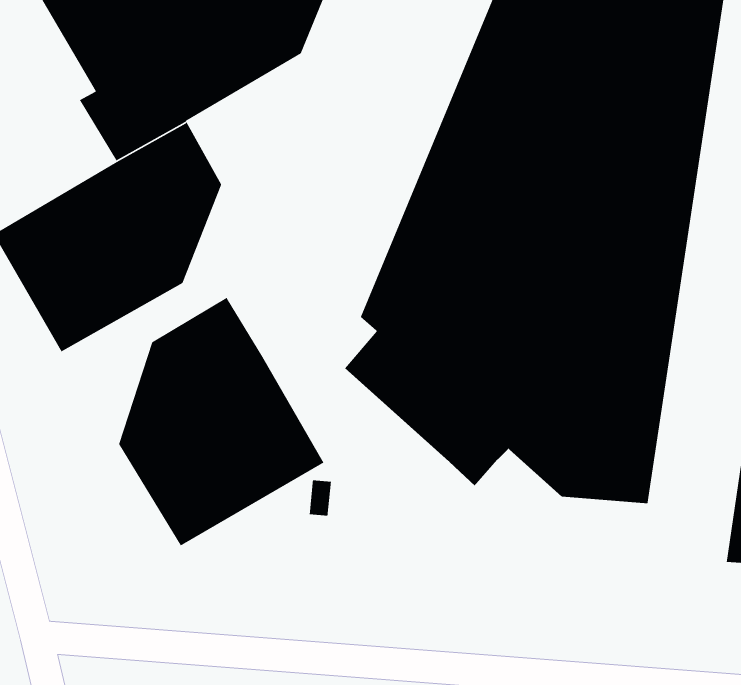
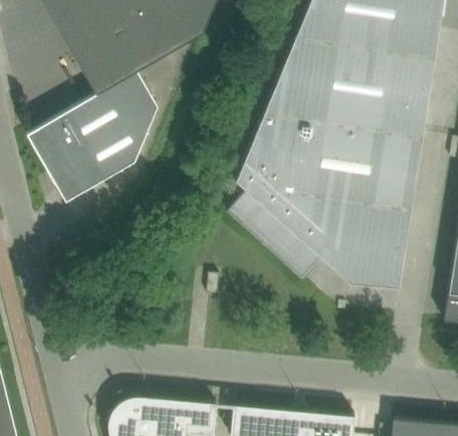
building: [118,296,325,547] -> none

